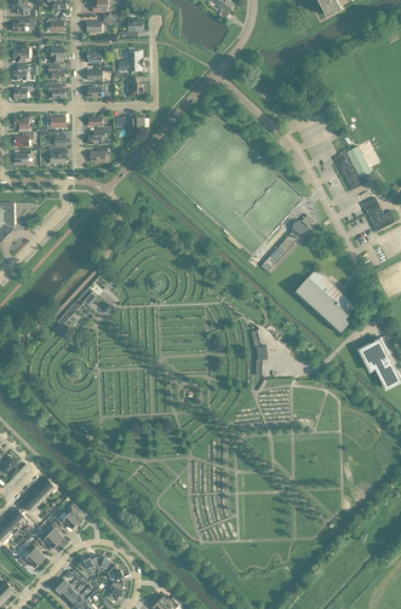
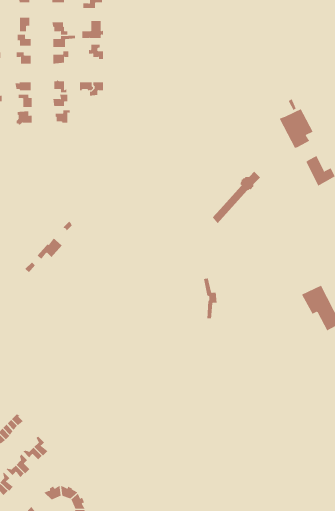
building: [293,268,355,332] -> none

